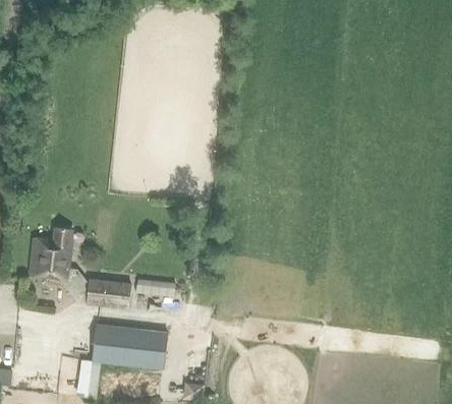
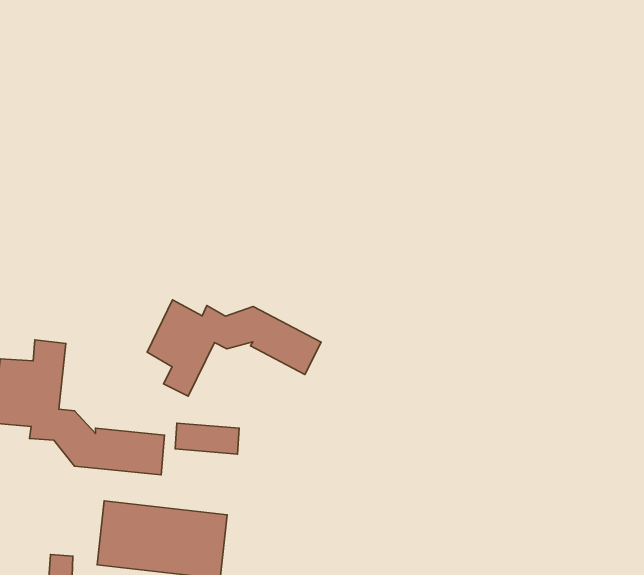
building: none -> [147,300,321,396]

